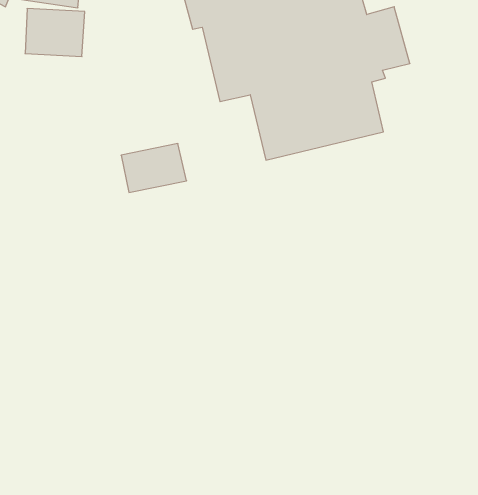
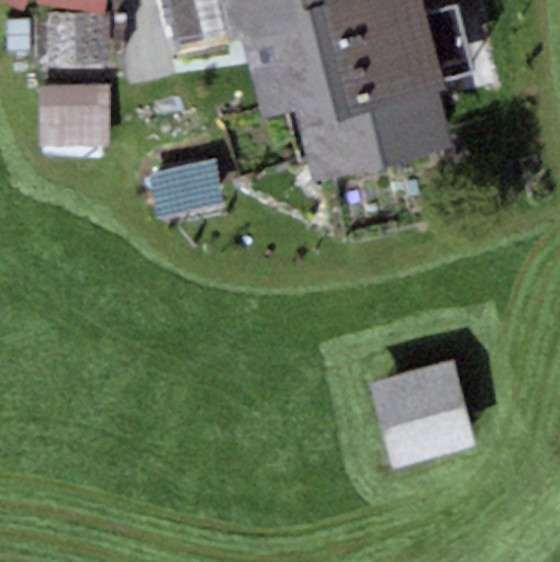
building: none -> [36,82,111,146]
building: none -> [370,361,475,467]

